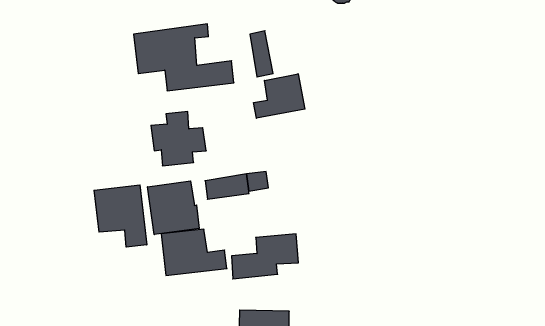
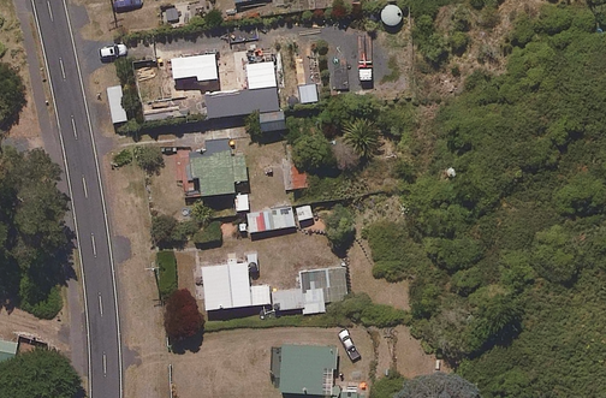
building: [254,74,305,118] -> none
building: [148,181,199,235] -> none
building: [94,185,147,247] -> none

